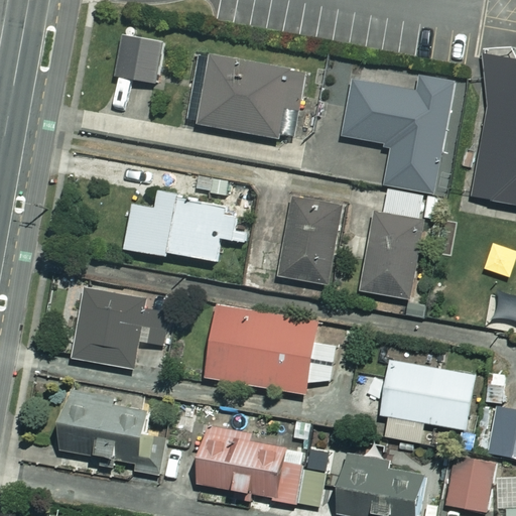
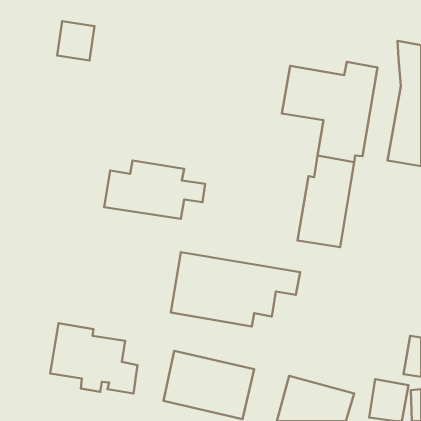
building: [116,36,161,84] -> [57,21,95,61]
building: [195,55,300,139] -> none
building: [279,198,338,283] -> none
building: [73,289,165,367] -> none
building: [381,360,477,441] -> none

